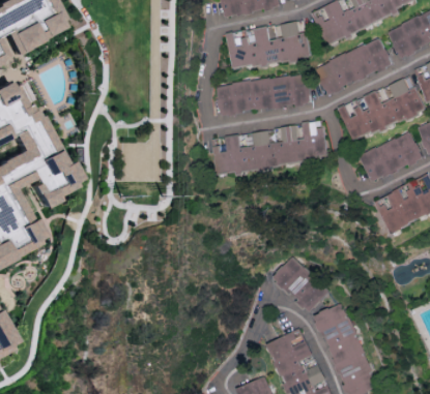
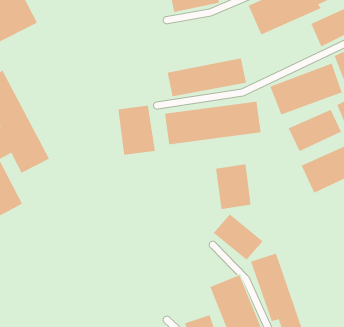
building: [226,22,310,69] -> none
building: [316,38,393,95] -> none
building: none -> [118,105,155,156]
building: none -> [216,163,251,210]

